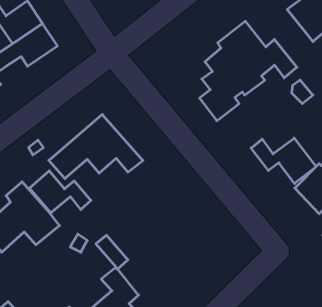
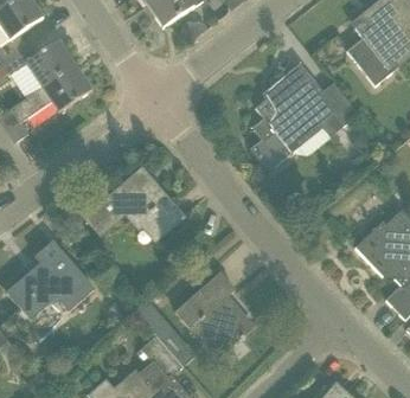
building: [251,138,316,184] -> none
building: [30,171,91,213] -> none
building: none -> [175,272,252,357]

